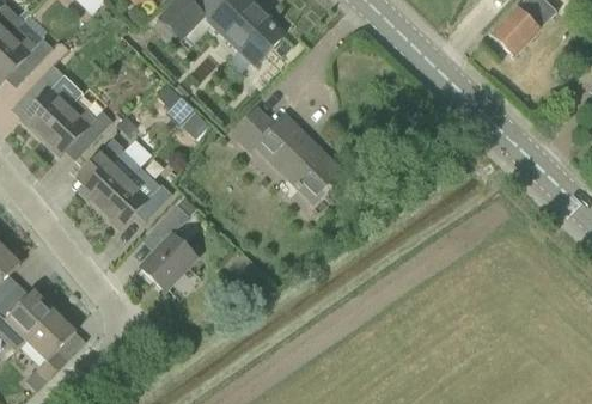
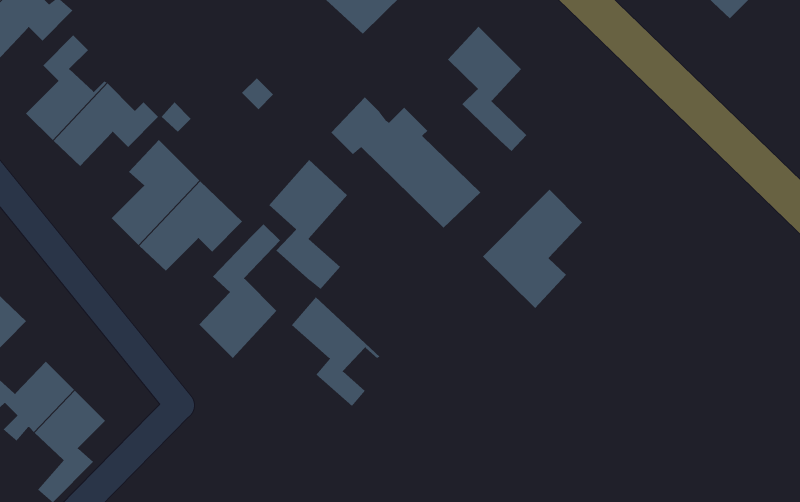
building: none -> [447,26,527,152]
building: none -> [268,159,348,290]
building: none -> [482,189,583,309]
building: none -> [291,297,381,407]

